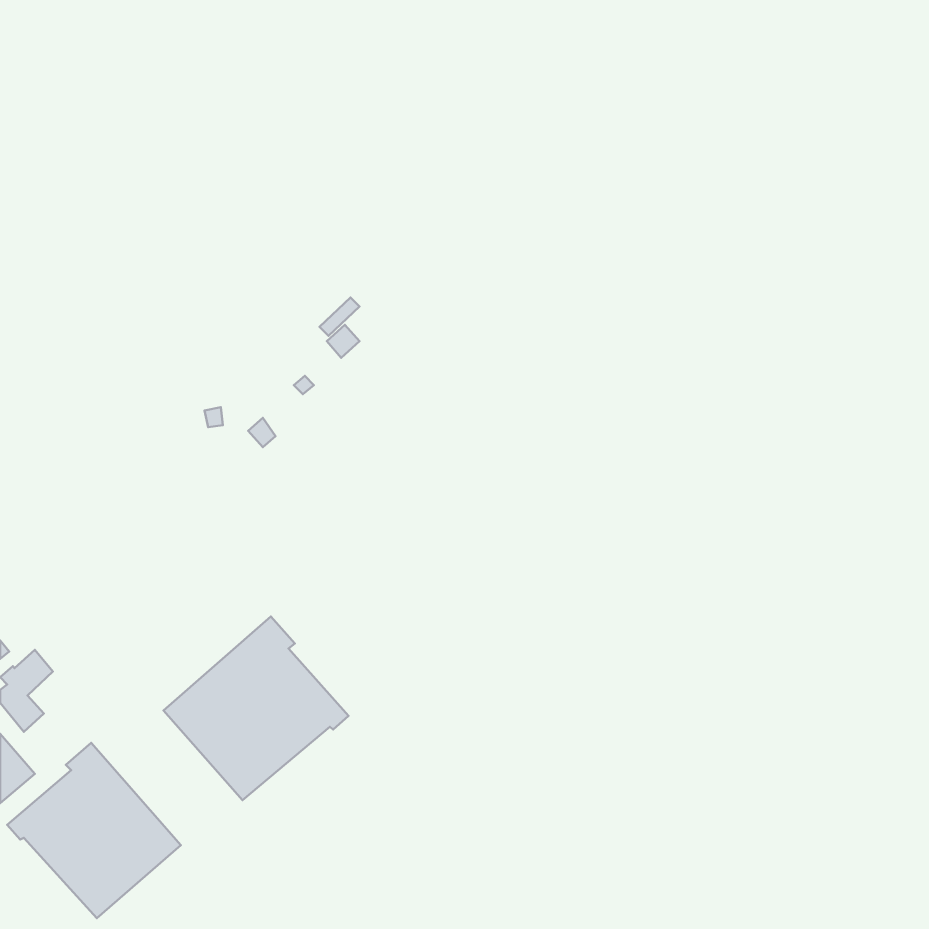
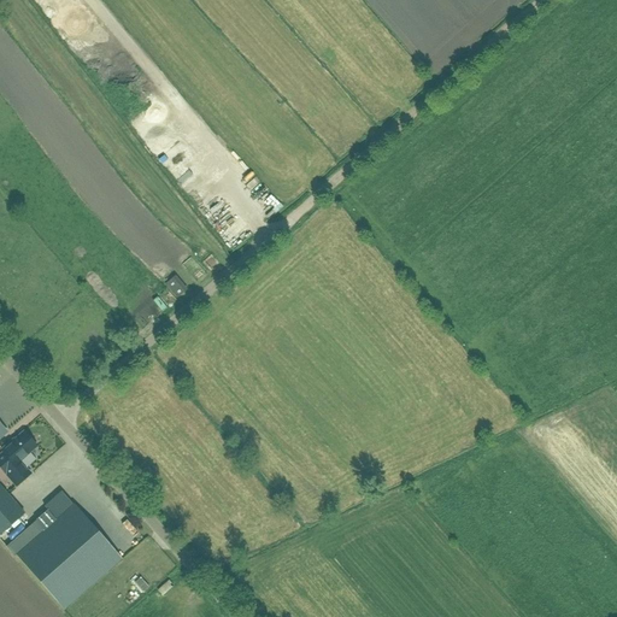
building: [163,616,349,800] -> none

